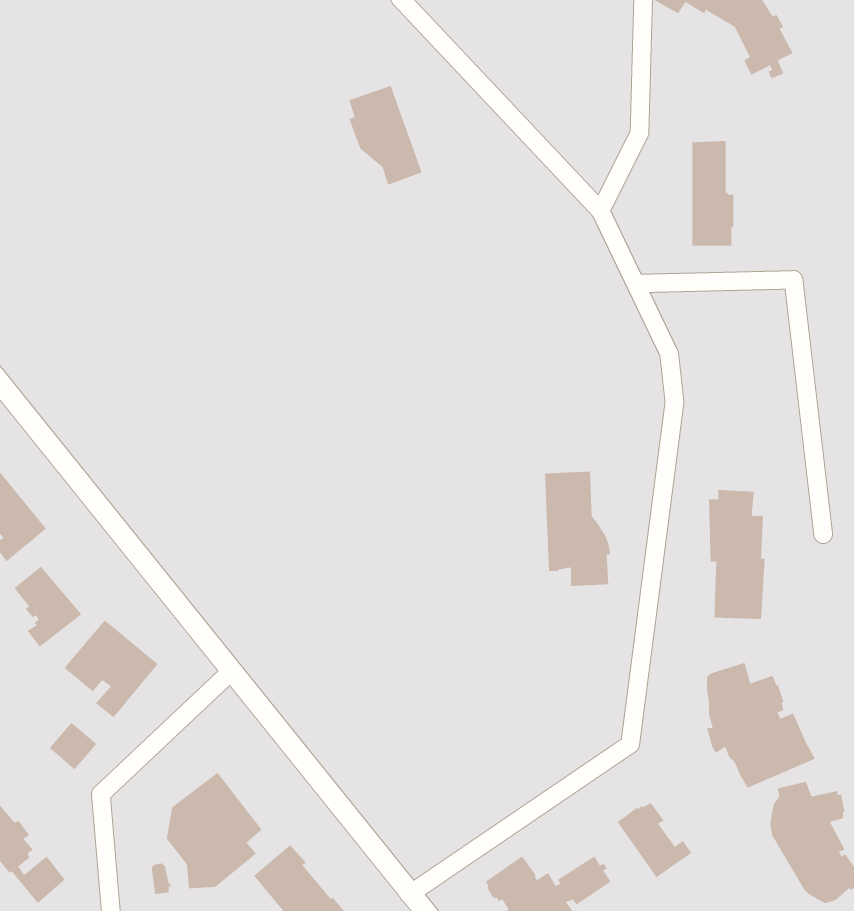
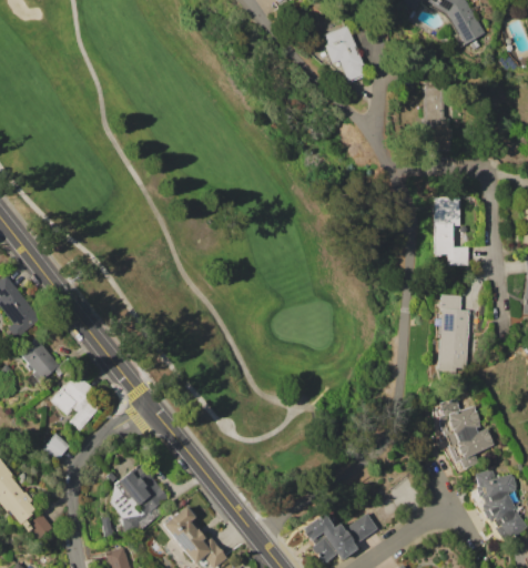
building: [348,85,423,186] -> [324,24,368,84]
building: [544,471,611,586] -> [431,196,471,265]
building: [617,802,692,878] -> none

